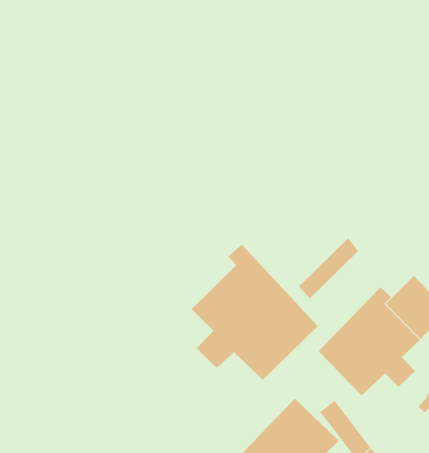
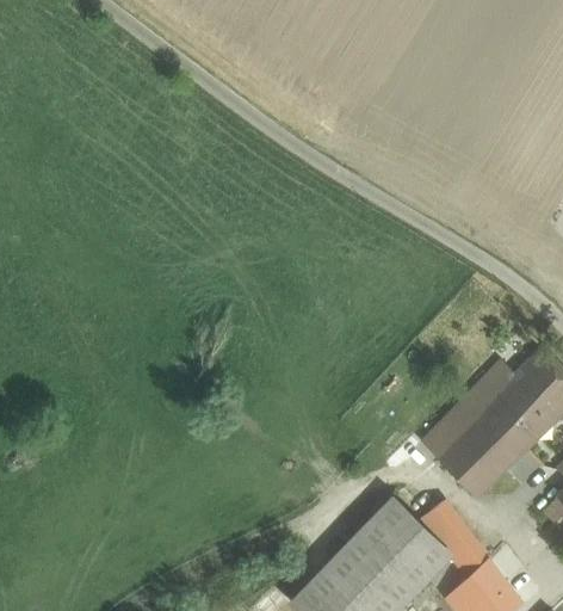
building: [298,237,359,299] -> none
building: [191,244,318,381] -> none

